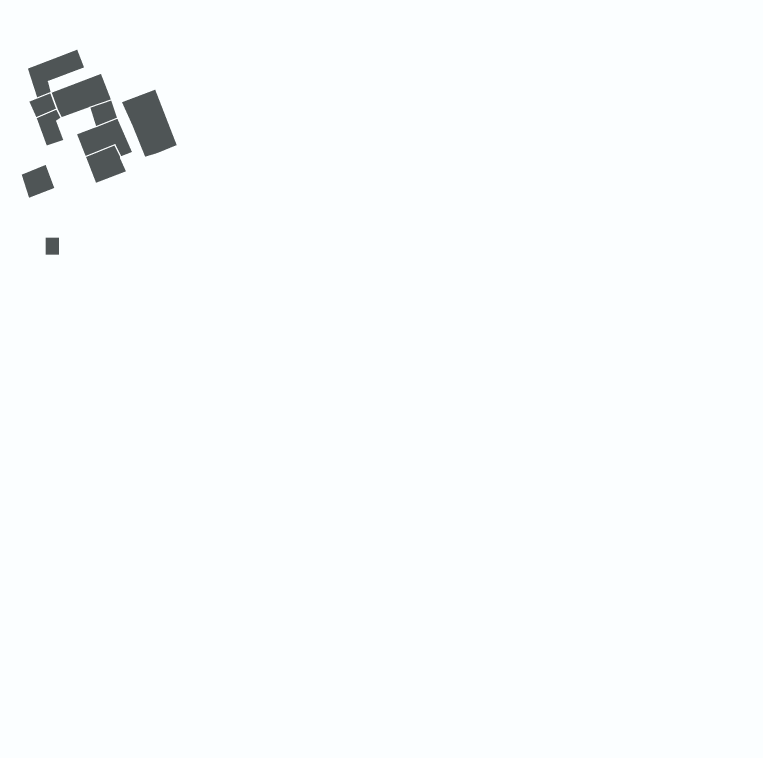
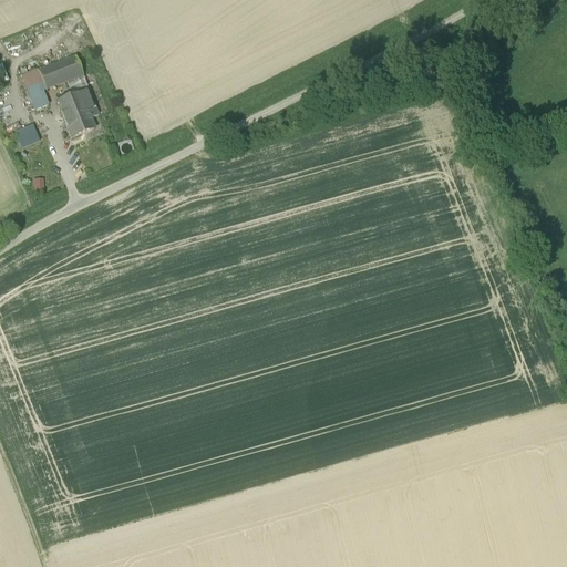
building: [27,49,85,98] -> none
building: [121,89,178,157] -> none

